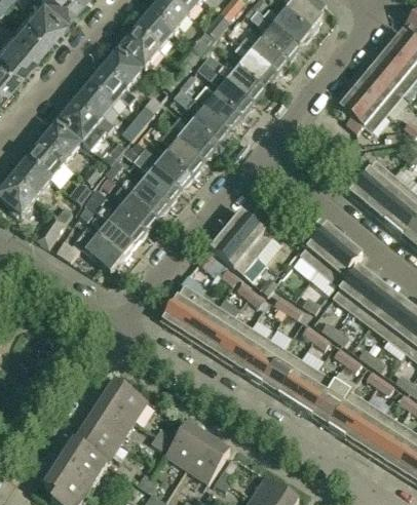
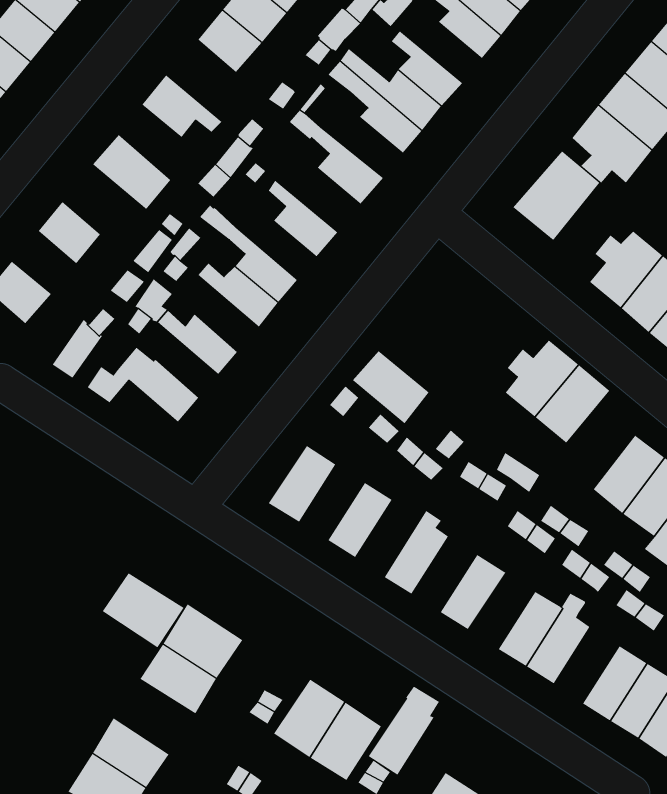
building: [238,36,287,74] -> none
building: [102,51,141,96] -> none
building: [74,86,114,132] -> none
building: [192,91,240,129] -> none
building: none -> [513,151,600,241]
building: [165,116,216,161] -> none
building: [41,125,79,162] -> none
building: [129,140,190,189] -> none
building: [11,160,49,197] -> none
building: [115,186,156,231] -> none
building: [226,211,271,255] -> none
building: [91,213,132,258] -> none
building: [332,265,376,311] -> none
building: [180,297,218,341] -> none
building: [213,308,255,362] -> none
building: [245,339,283,383] -> none
building: [278,352,320,404] -> [368,686,440,776]
building: [329,391,367,436] -> none
building: [71,422,119,466] -> [102,573,184,648]

